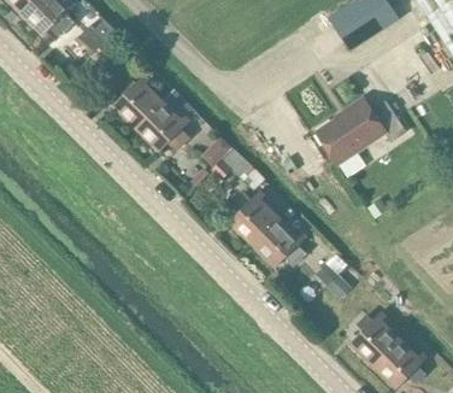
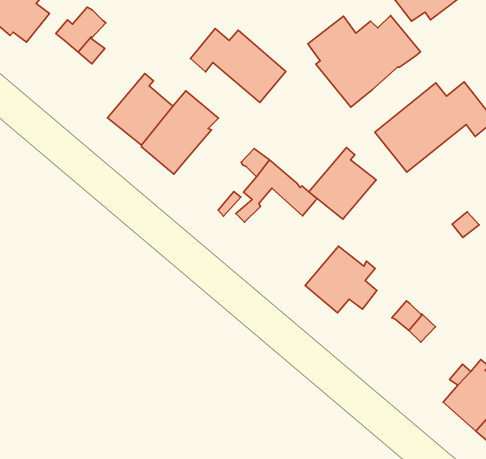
building: none -> [308,15,420,107]
building: none -> [190,28,286,103]
building: [229,189,281,244] -> [309,148,376,219]

